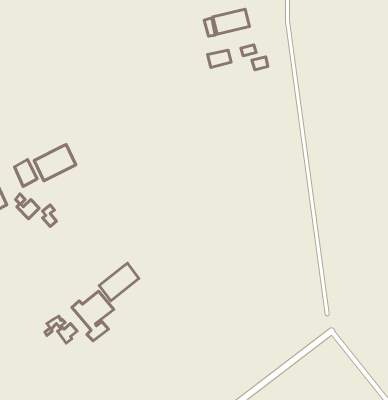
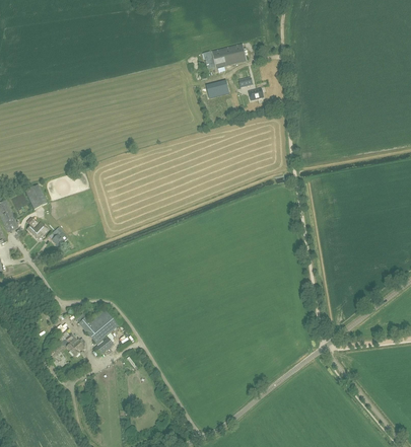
building: [34,145,76,181] -> none
building: [99,263,139,301] -> none

